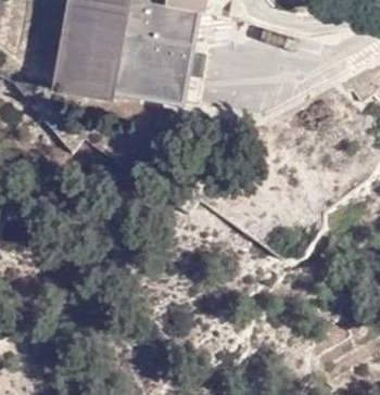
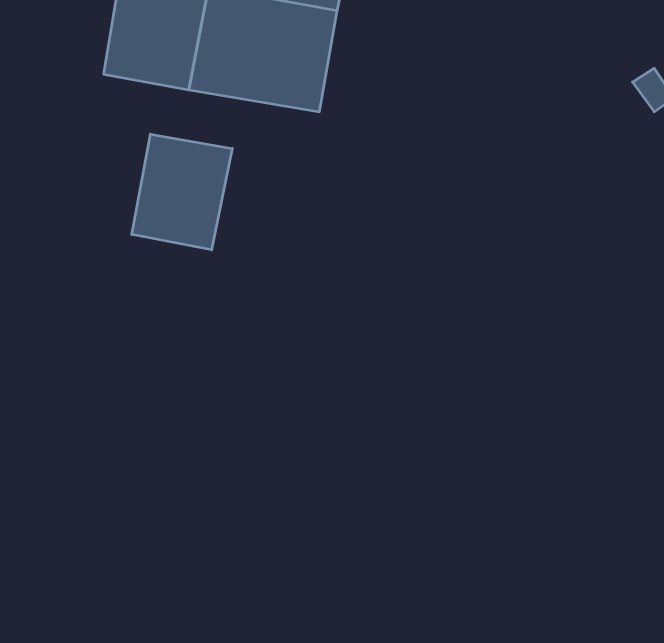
building: none -> [132,134,232,250]

